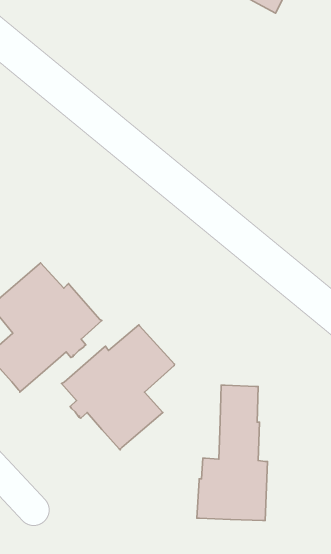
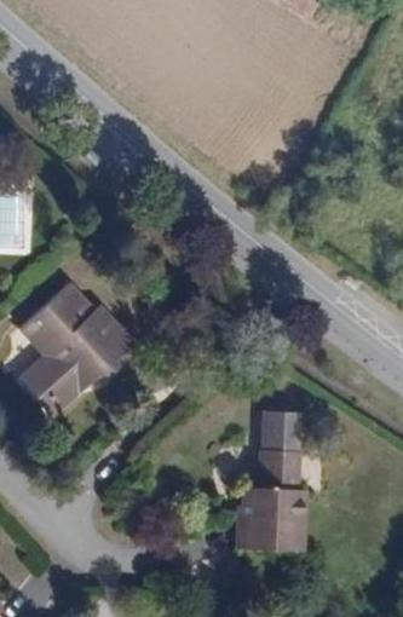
building: [62,325,174,450] -> none

